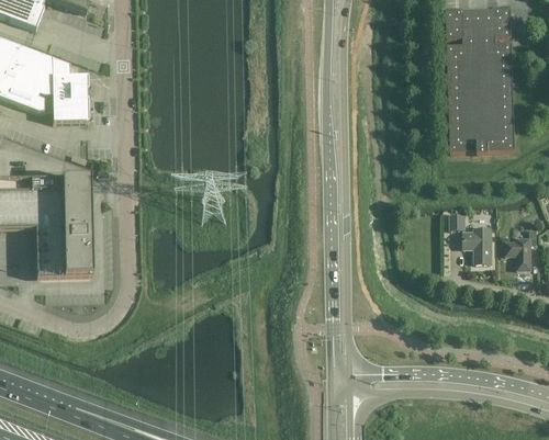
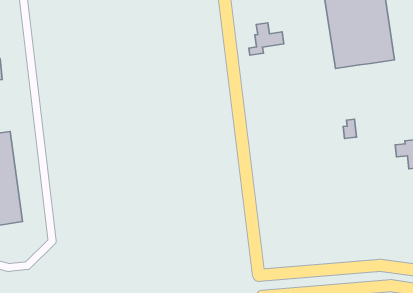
building: none -> [249,23,284,55]
building: [462,226,490,260] -> none

